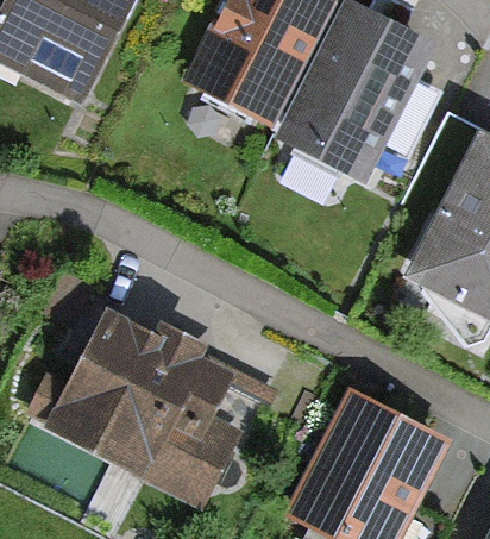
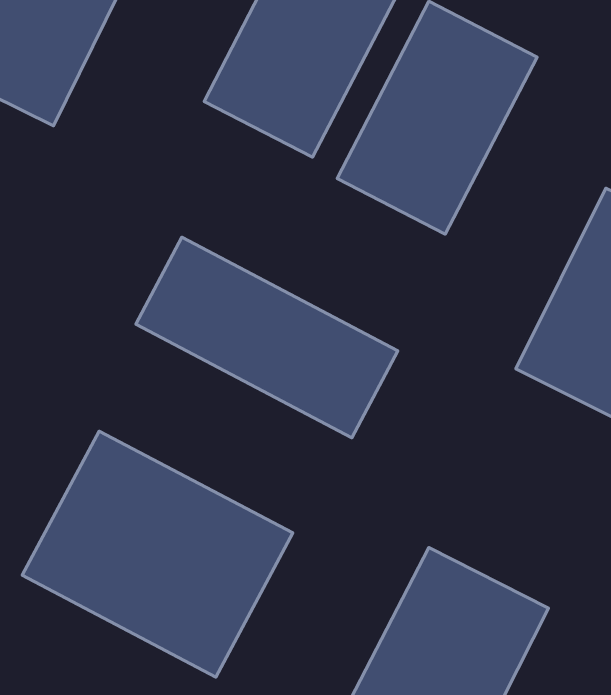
building: none -> [136,237,398,438]

